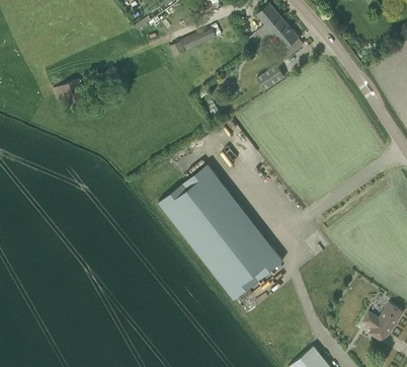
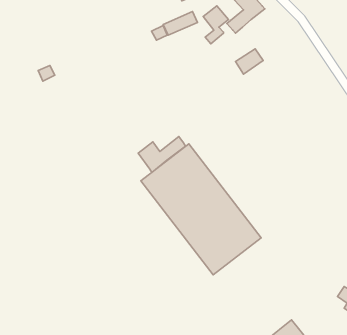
building: [272,23,299,63] -> [203,6,228,44]
building: none -> [138,136,186,172]

